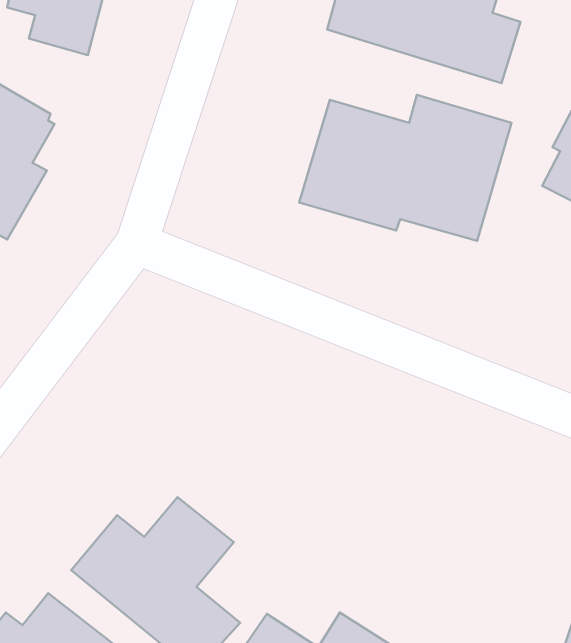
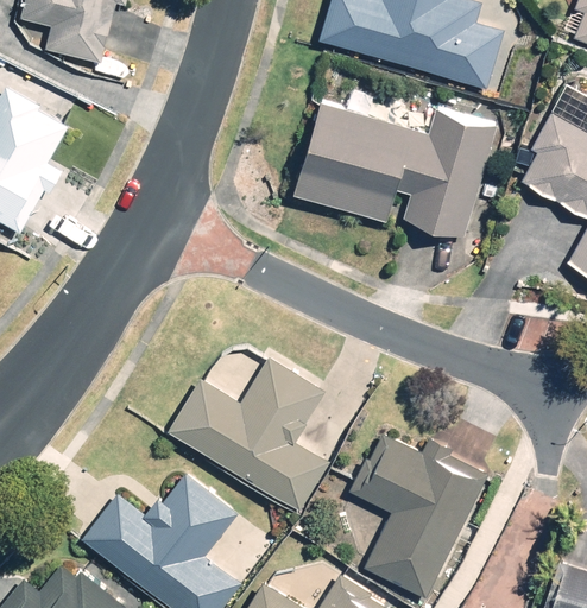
building: none -> [169,357,330,513]
building: none -> [353,432,484,597]

